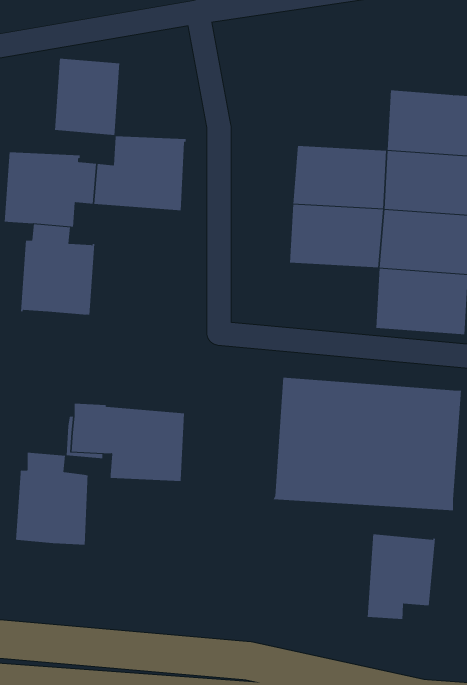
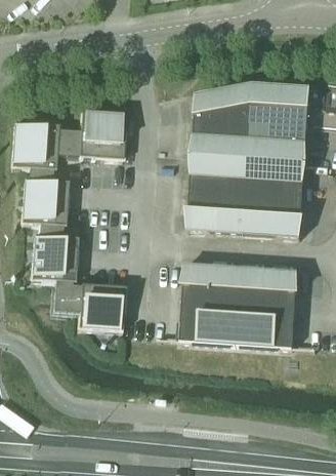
building: [54,58,120,136] -> none
building: none -> [195,82,253,120]
building: none -> [187,191,246,232]
building: [15,452,89,545] -> [31,222,77,280]
building: [367,533,436,620] -> none

